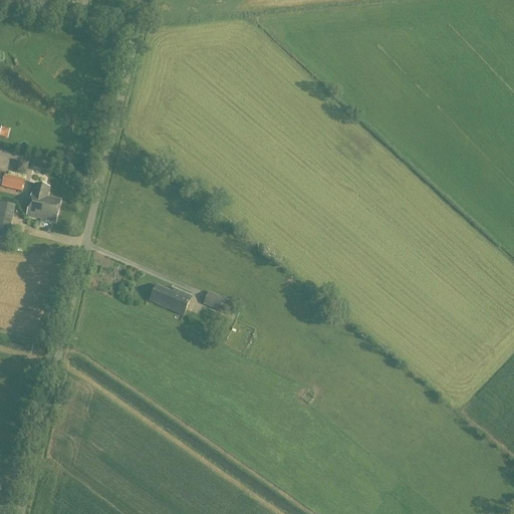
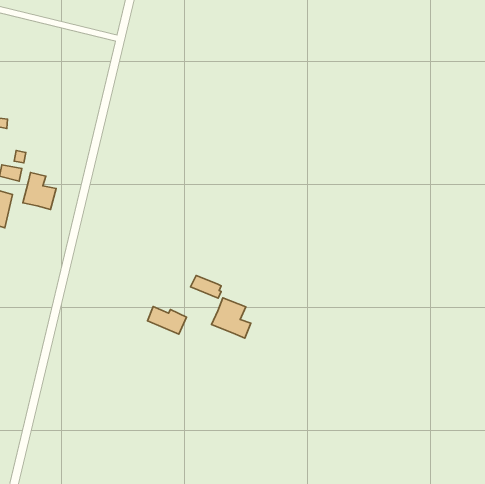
building: [148,284,189,313] -> [147,307,187,334]
building: none -> [211,298,251,338]

